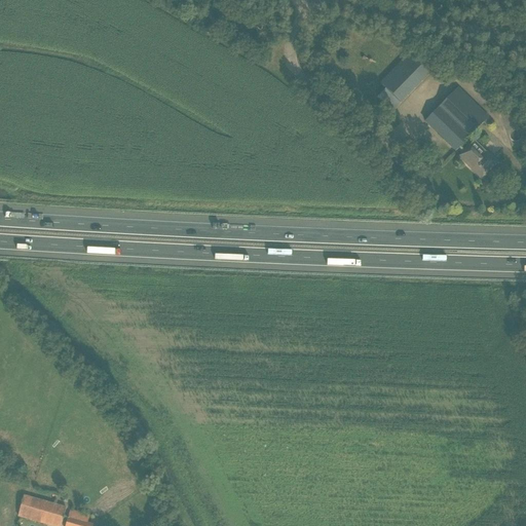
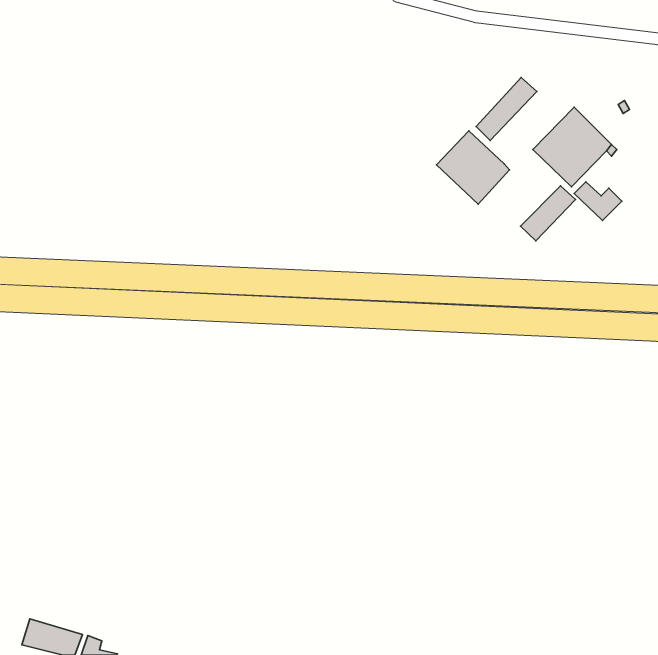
building: none -> [437,131,509,204]
building: none -> [521,186,575,241]

